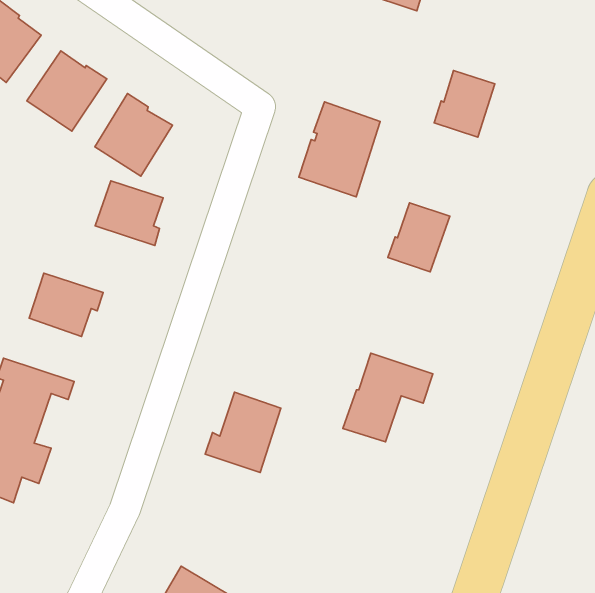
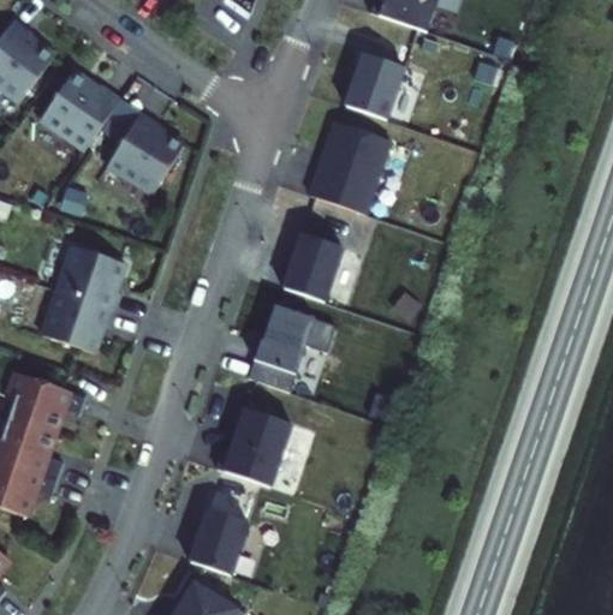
building: [434,71,495,137] -> [344,53,404,119]
building: [95,181,163,245] -> [56,245,124,309]
building: [388,203,450,272] -> [281,233,343,301]
building: [343,353,433,442] -> [246,303,335,390]
building: none -> [188,508,248,574]

